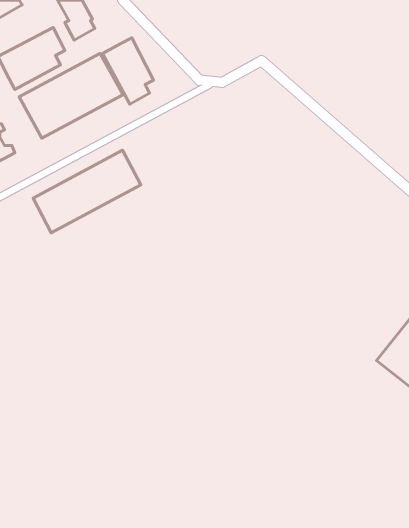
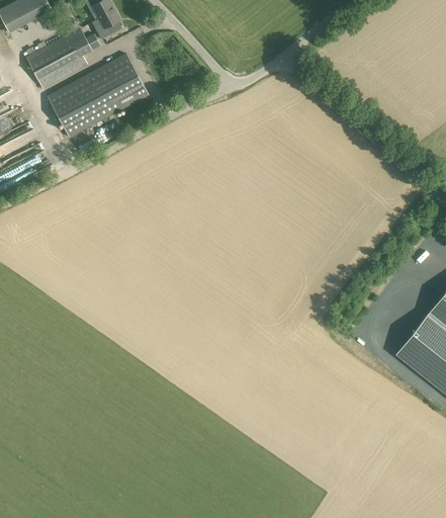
building: [102,38,154,104] -> none
building: [33,150,141,233] -> none

